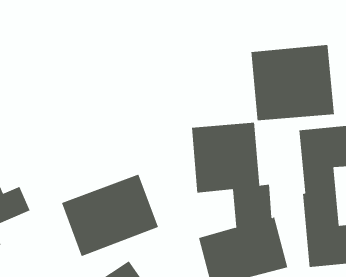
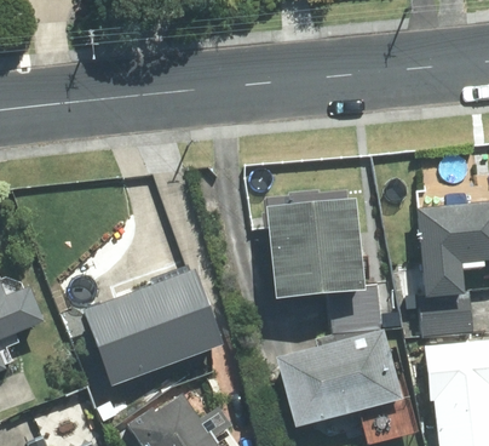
building: [251,44,334,121] -> none

